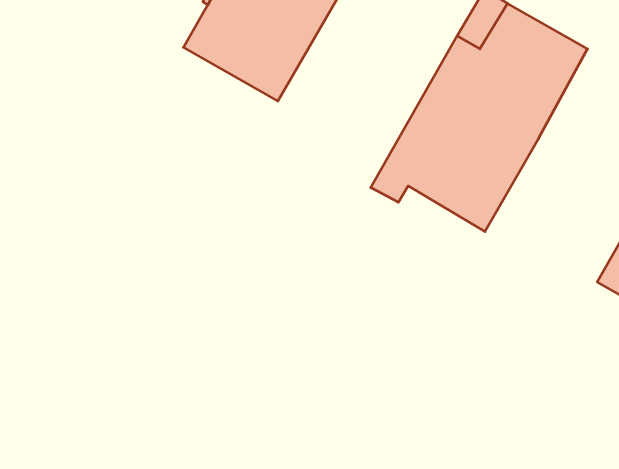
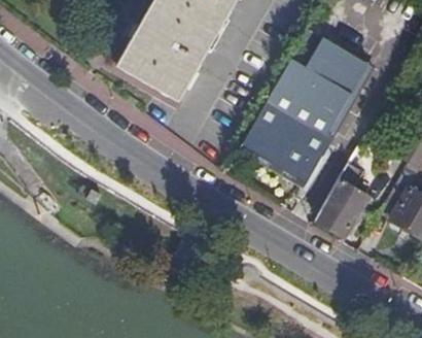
building: none -> [318,174,371,237]

